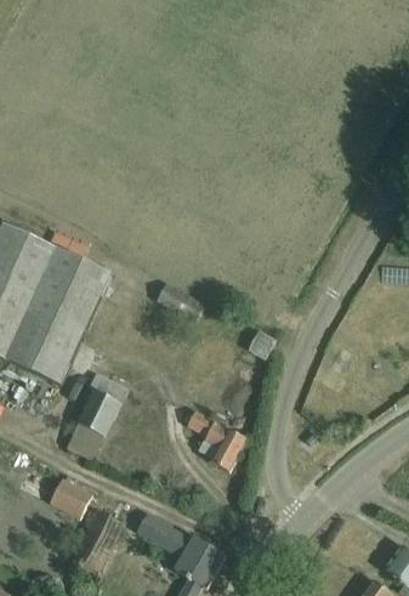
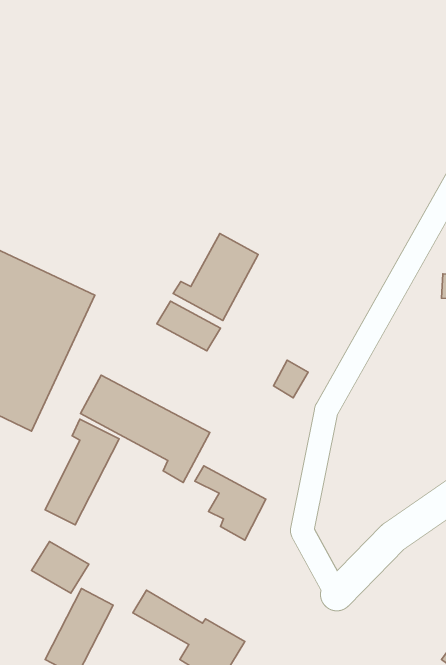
building: none -> [173,234,258,321]
building: none -> [80,375,210,483]

